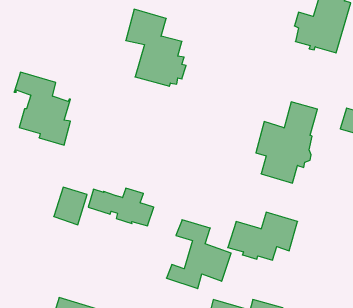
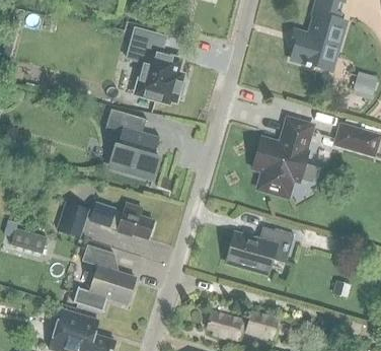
building: [14,72,70,145] -> [104,109,159,180]
building: none -> [10,227,46,253]
building: [166,220,231,289] -> [72,244,135,311]

